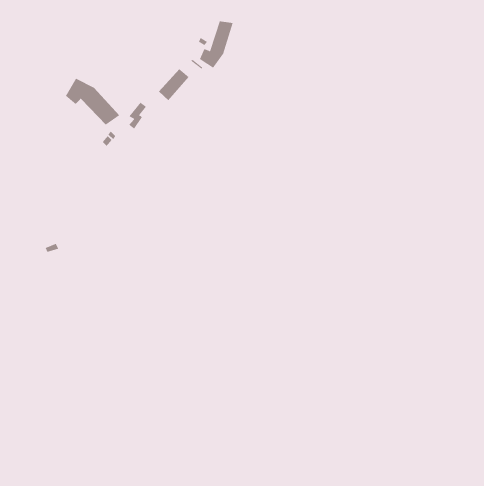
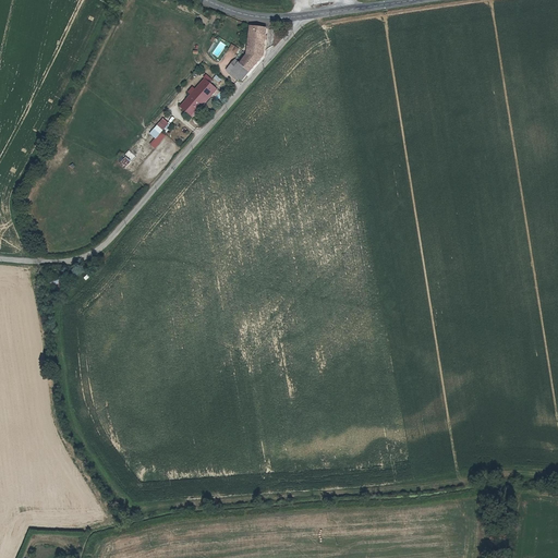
building: [65,78,120,126] -> none

